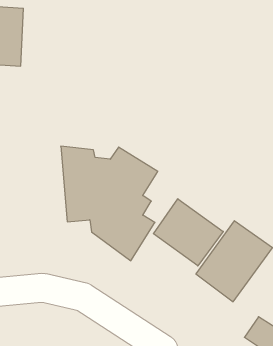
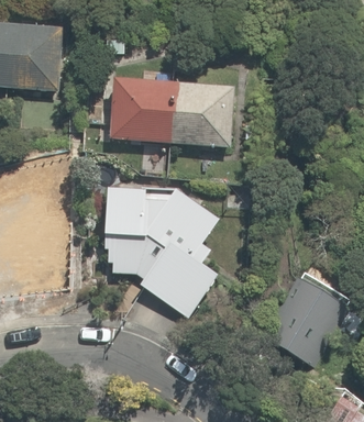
building: none -> [110,78,225,148]
building: [153,199,223,266] -> none

